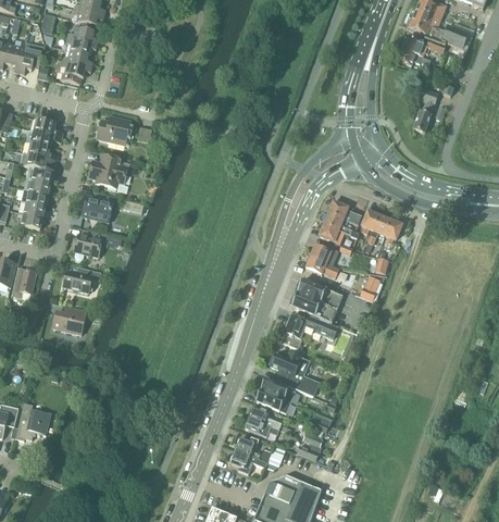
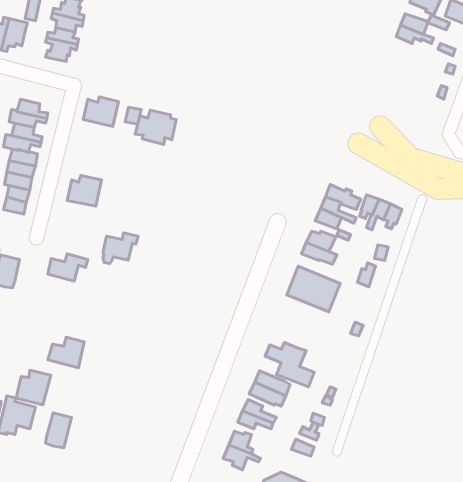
building: [413,88,438,133] -> none
building: [89,154,128,187] -> [135,110,176,144]
building: [74,231,108,260] -> [103,233,138,264]
building: [52,304,87,334] -> [48,337,84,368]
building: [282,315,337,348] -> none
building: none -> [16,370,51,405]
building: none -> [45,413,71,448]

